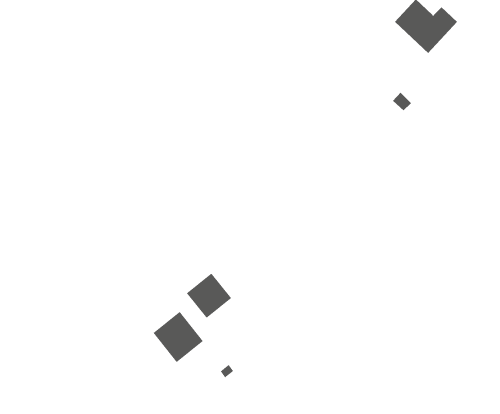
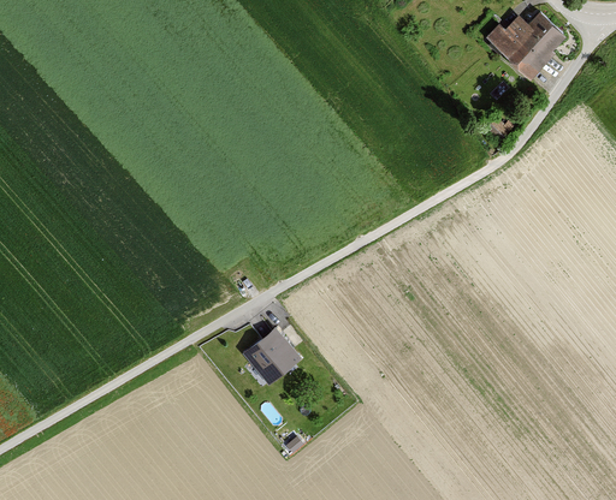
building: [152,311,204,363] -> none

